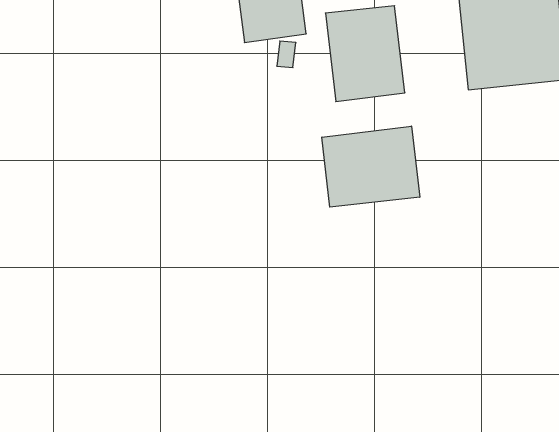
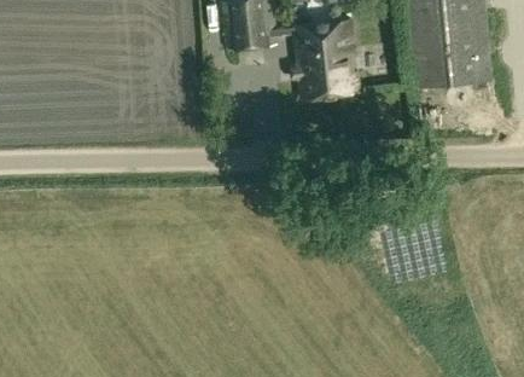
building: [322,126,420,207] -> none

